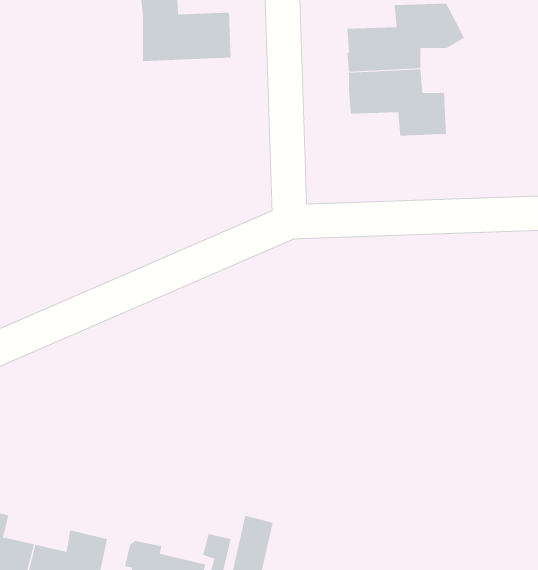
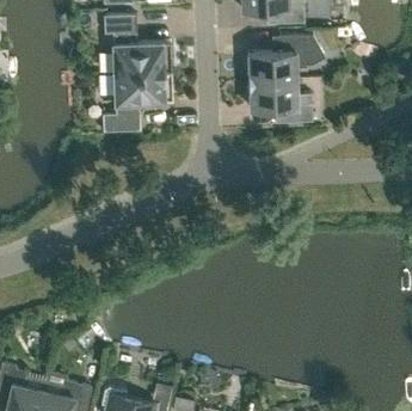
building: none -> [102,72,172,133]

